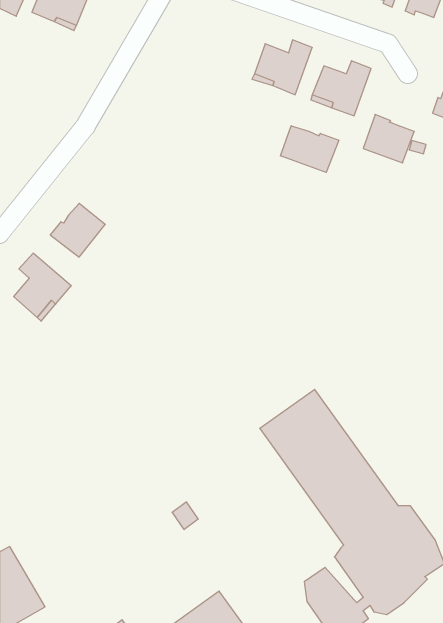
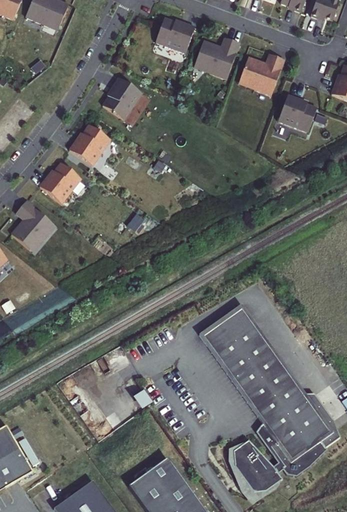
building: none -> [155,17,195,53]
building: none -> [102,77,142,119]
building: [280,126,339,172] -> none
building: none -> [69,124,110,165]

